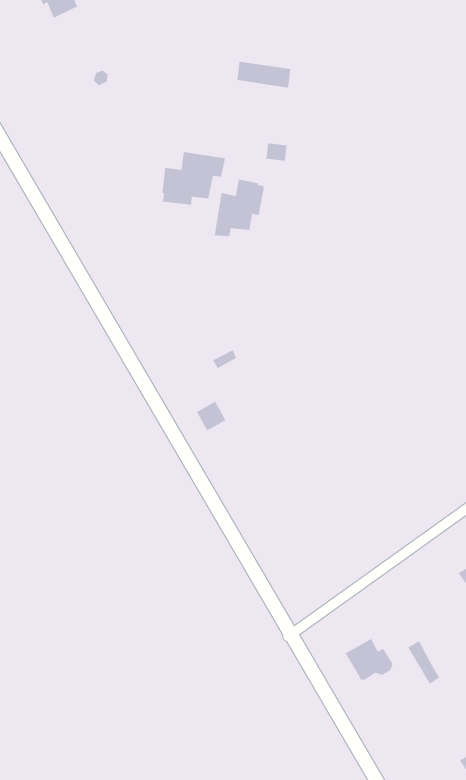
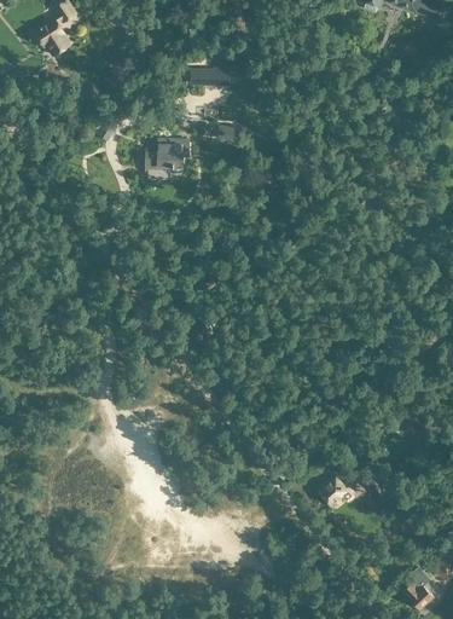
building: [214,178,265,237] -> none

